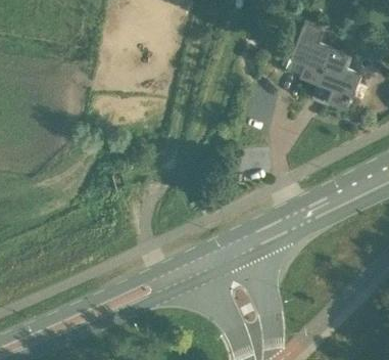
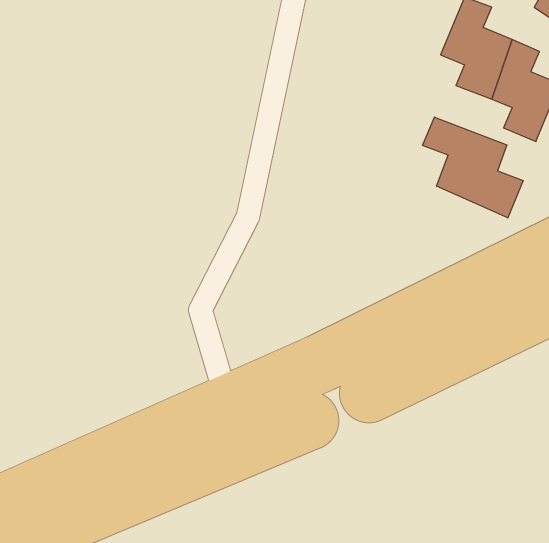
building: none -> [423,117,523,218]

